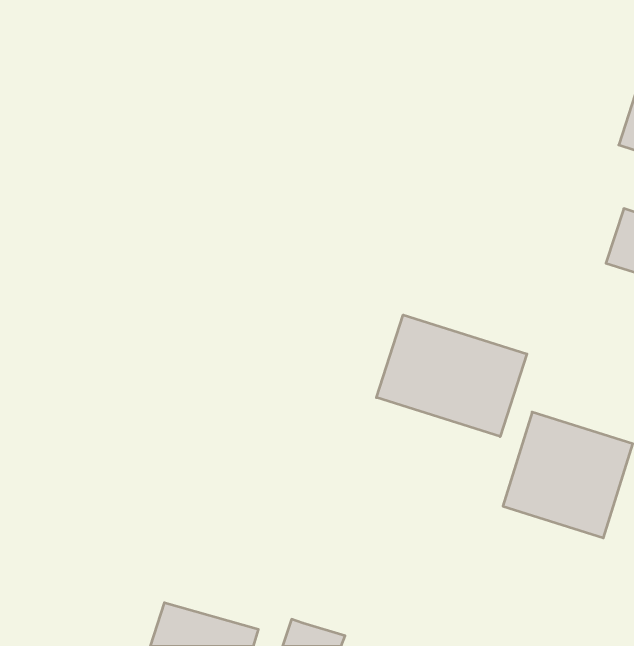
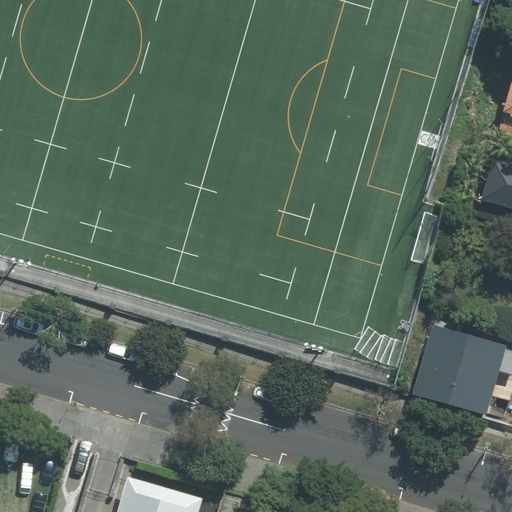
building: [376,315,527,437] -> none

